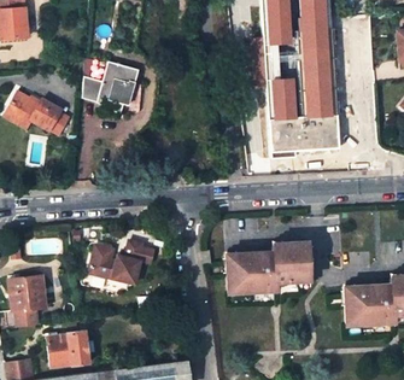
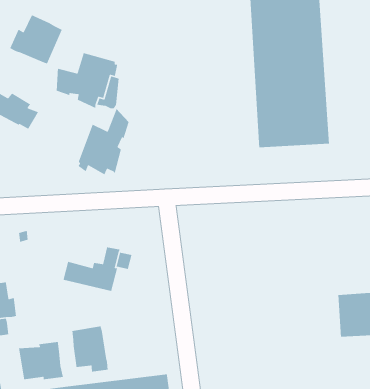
building: none -> [9,14,63,65]
building: none -> [78,108,129,175]
building: [227,241,310,294] -> none
building: none -> [71,326,109,372]

